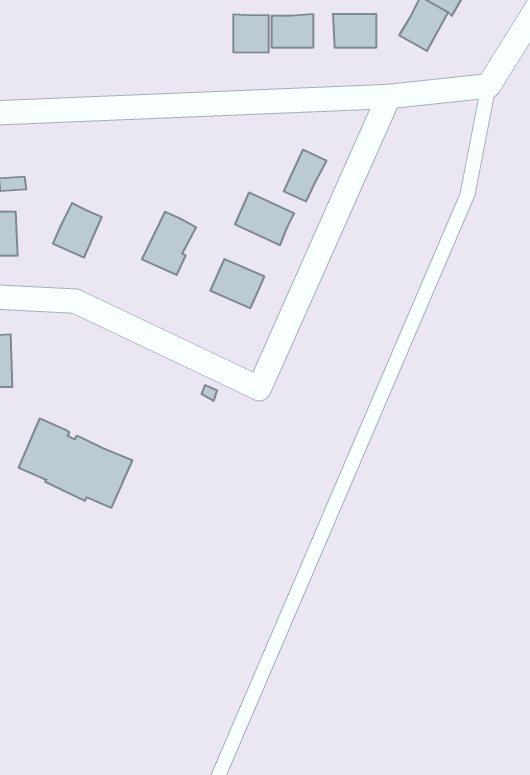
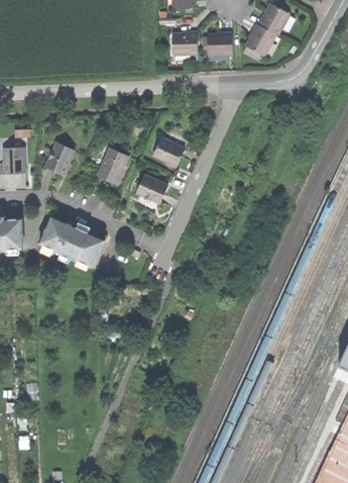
building: [234,14,268,53] -> none
building: [284,150,326,202] -> none
building: [19,418,132,508] -> [39,214,105,266]

